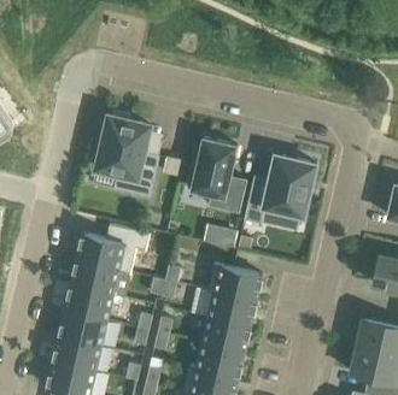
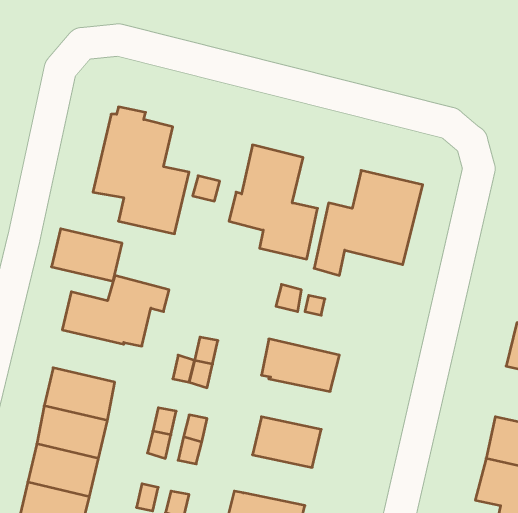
building: [69,260,116,295] -> [51,229,122,281]
building: [207,293,253,326] -> none
building: [195,343,241,377] -> none

